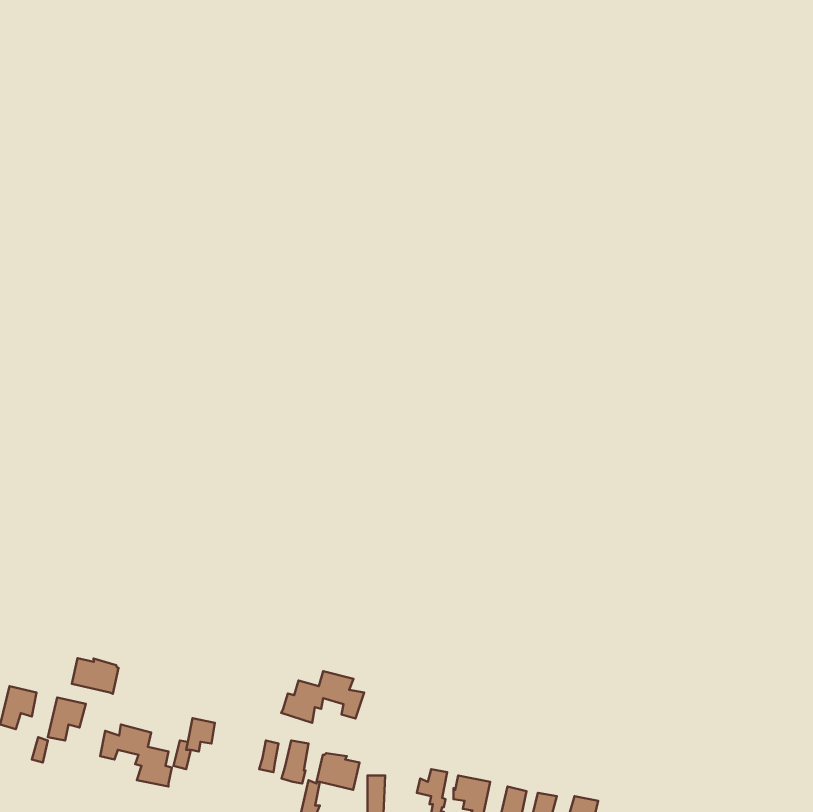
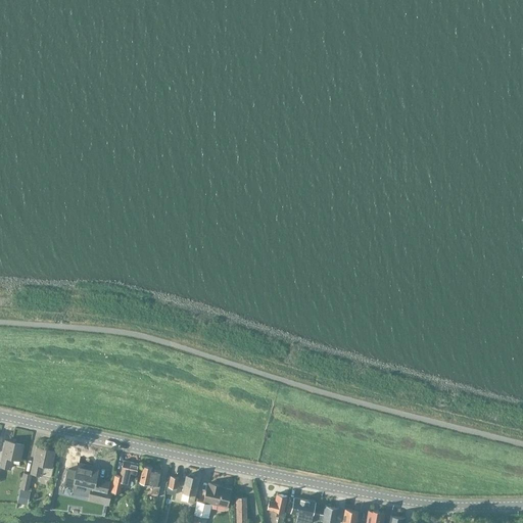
building: [72,658,119,694] -> none
building: [281,671,364,723] -> none
building: none -> [140,466,161,494]

